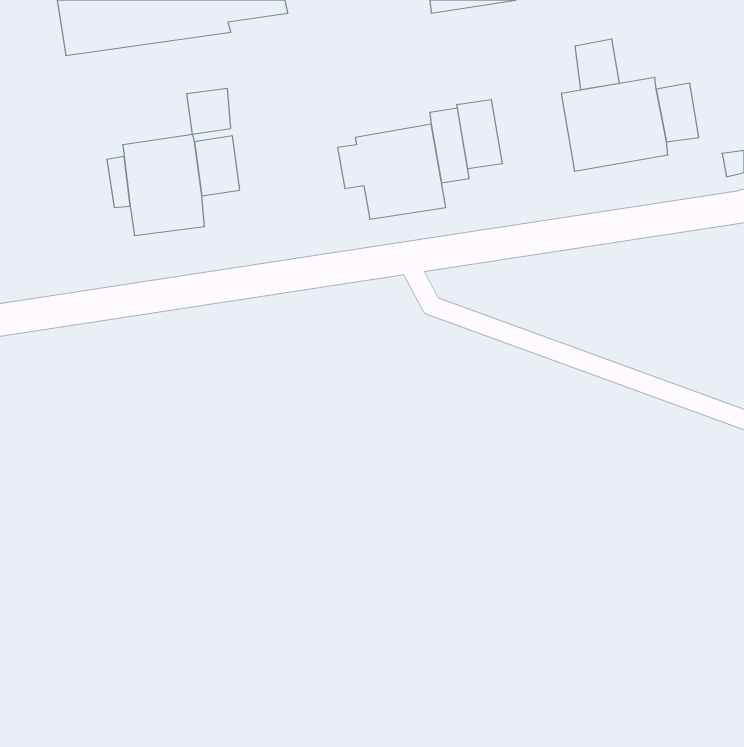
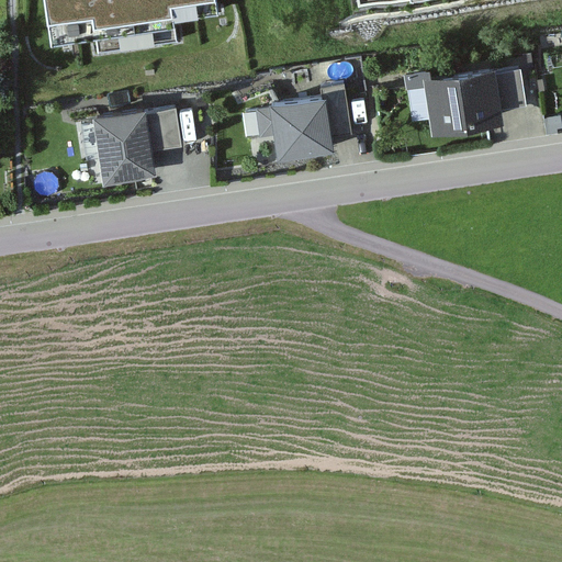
building: [575,39,619,90] -> none
building: [187,88,230,135] -> none
building: [457,99,502,169] -> none

